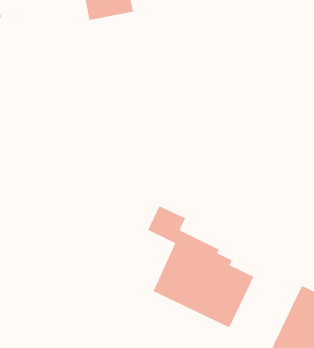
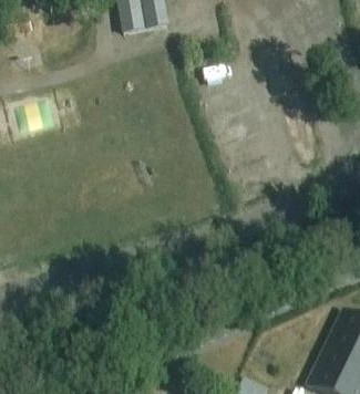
building: [147,205,254,328] -> none

